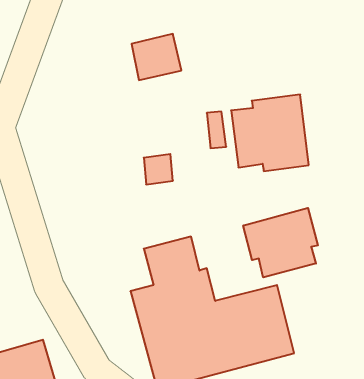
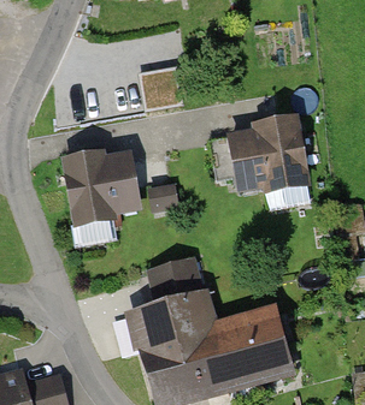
building: none -> [61,149,139,226]
building: [243,208,318,277] -> none

